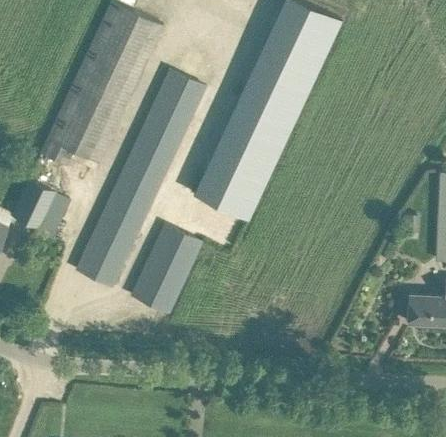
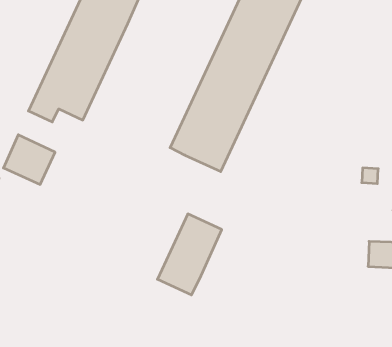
building: [77,70,207,287] -> none
building: [132,225,202,313] -> [157,214,222,295]

